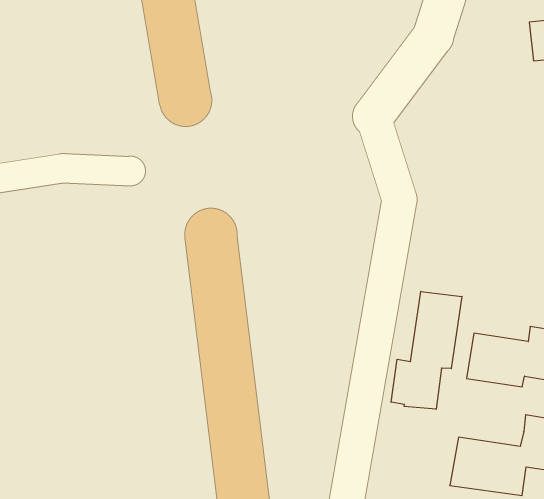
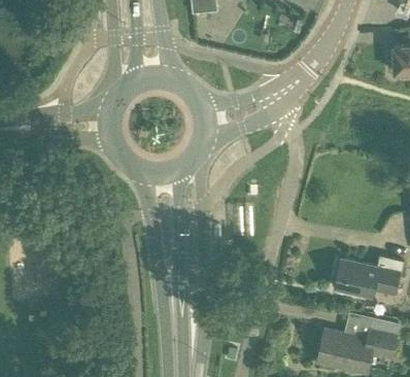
building: [391,291,462,409] -> none

